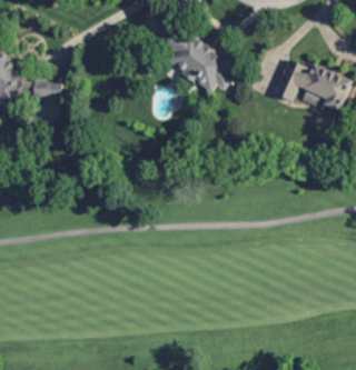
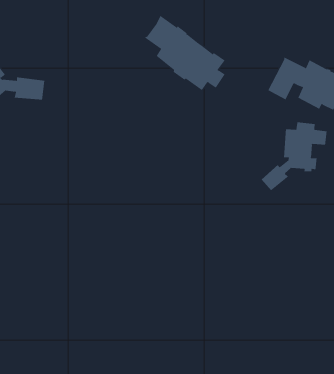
building: none -> [261,121,327,191]

